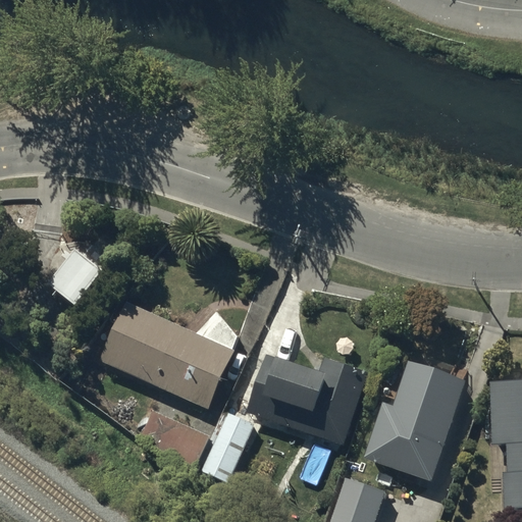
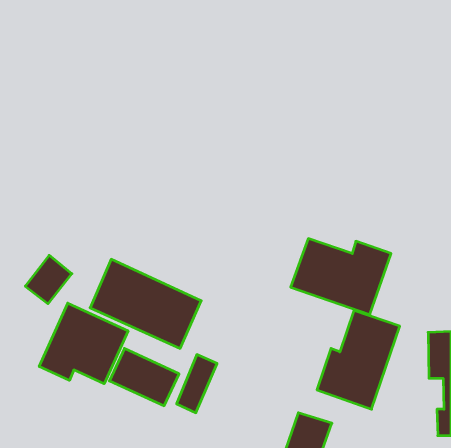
building: [48,247,102,303] -> [25,255,72,304]
building: none -> [39,303,128,384]
building: [248,355,364,442] -> [291,239,391,314]

